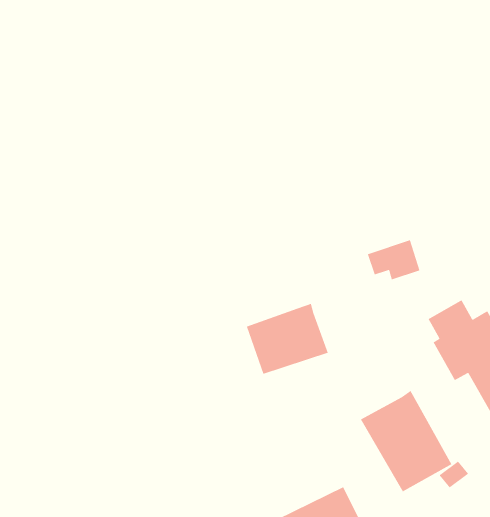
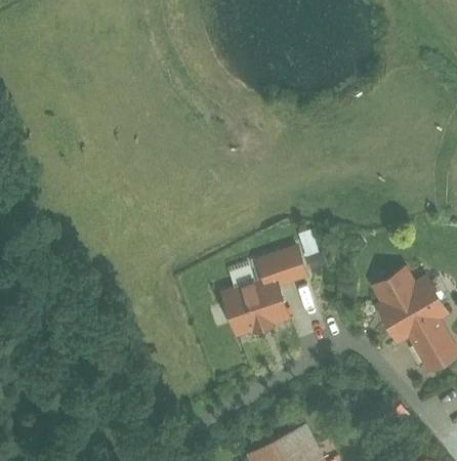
building: [367,239,420,281] -> [259,247,304,282]
building: [360,390,453,493] -> none

